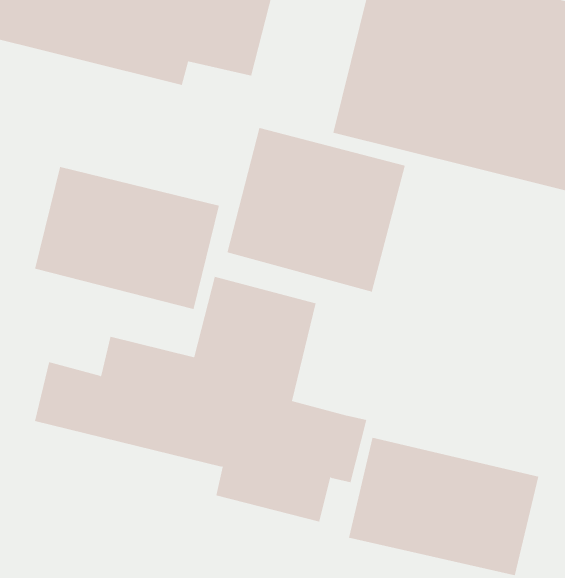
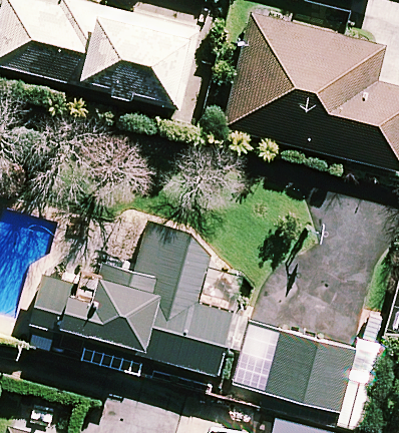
building: [227,127,405,293] -> none
building: [35,166,220,310] -> none

